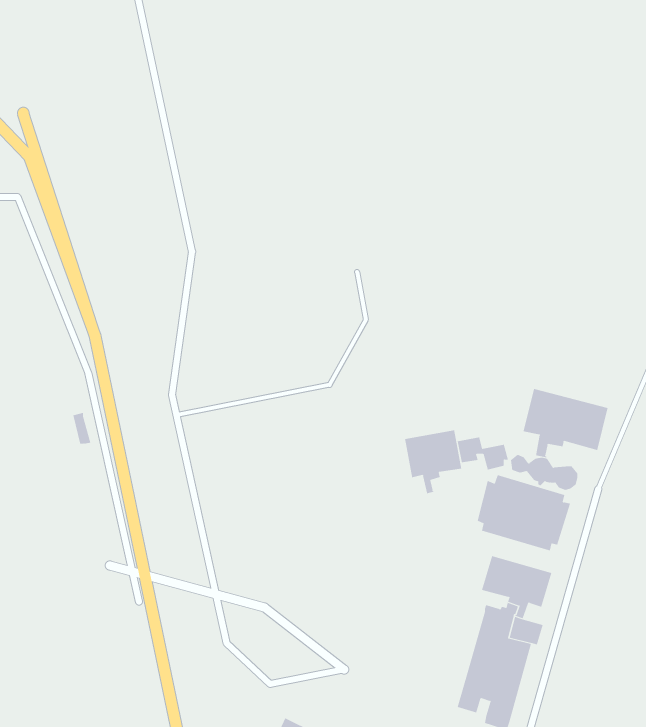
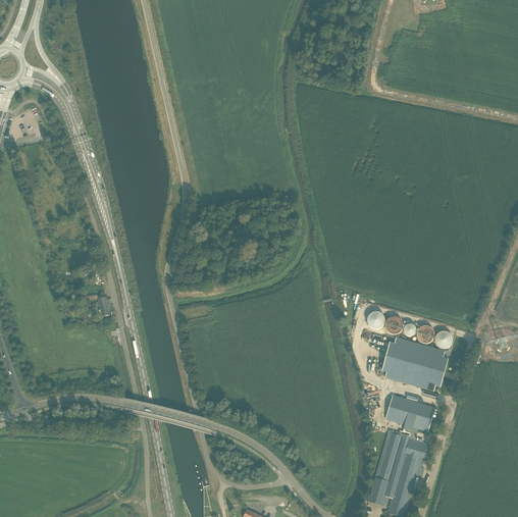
building: [523,388,608,458] -> none
building: [404,429,462,494] -> none

